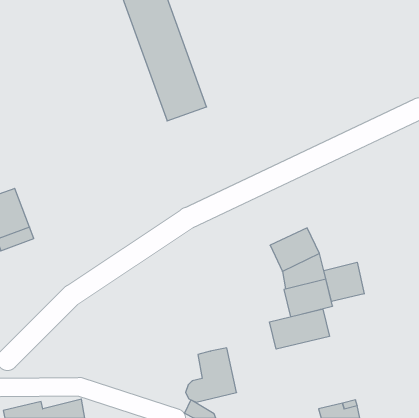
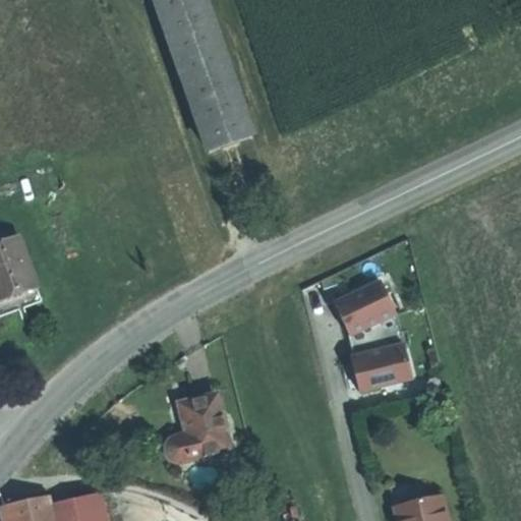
building: [324,262,364,302] -> none
building: [270,309,329,349] -> none
building: [186,348,237,402] -> [165,394,228,461]

